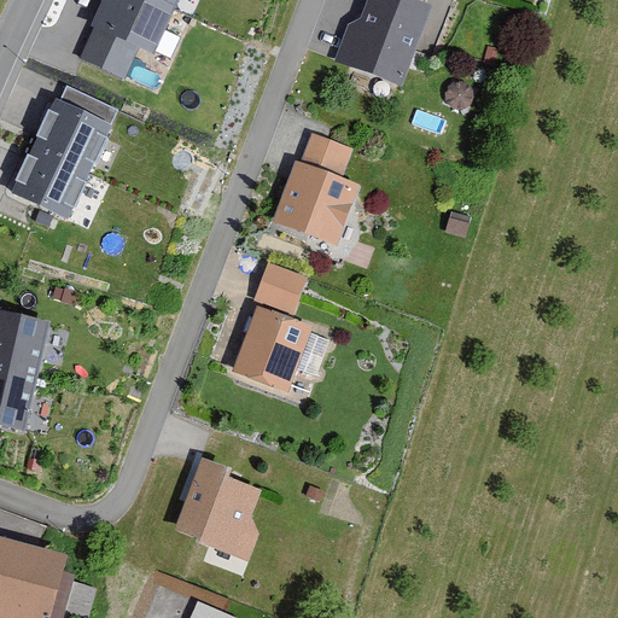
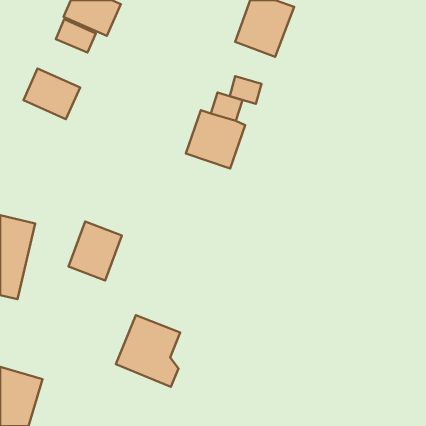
building: none -> [230,76,261,104]
building: [12,145,95,218] -> none
building: [252,262,302,310] -> none
building: [232,305,309,391] -> [69,221,122,281]

